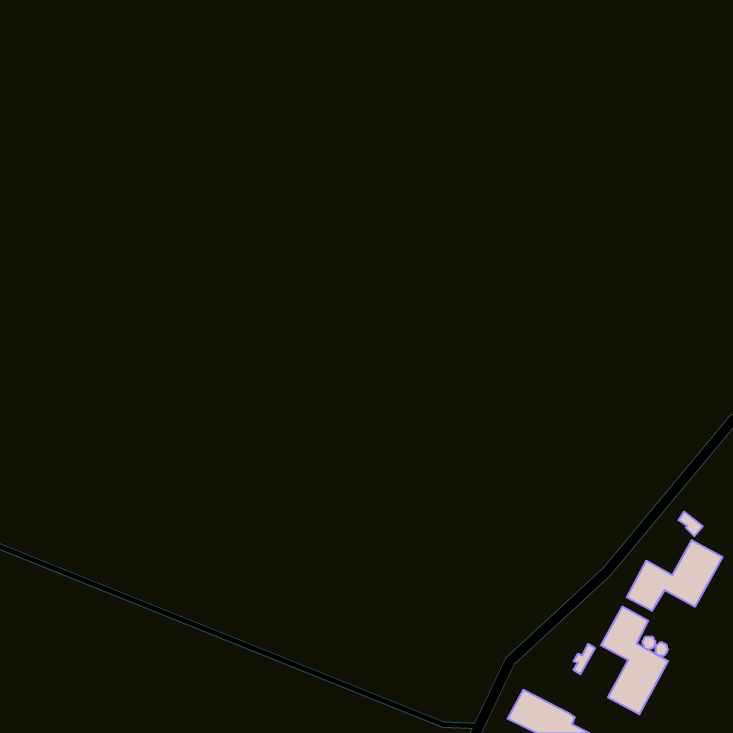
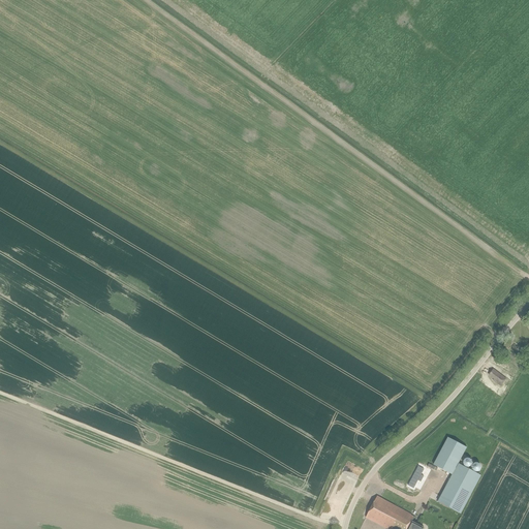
building: [627,540,722,611] -> none

